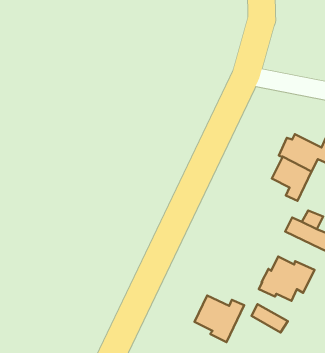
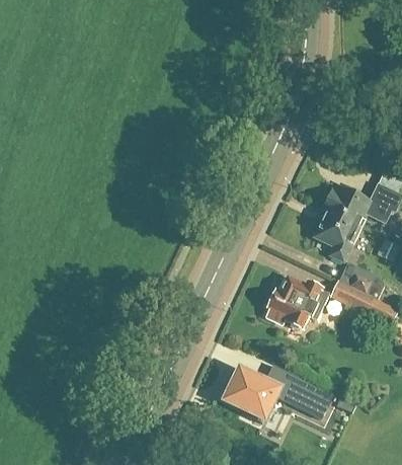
building: [259,257,315,301] -> [265,276,329,326]

